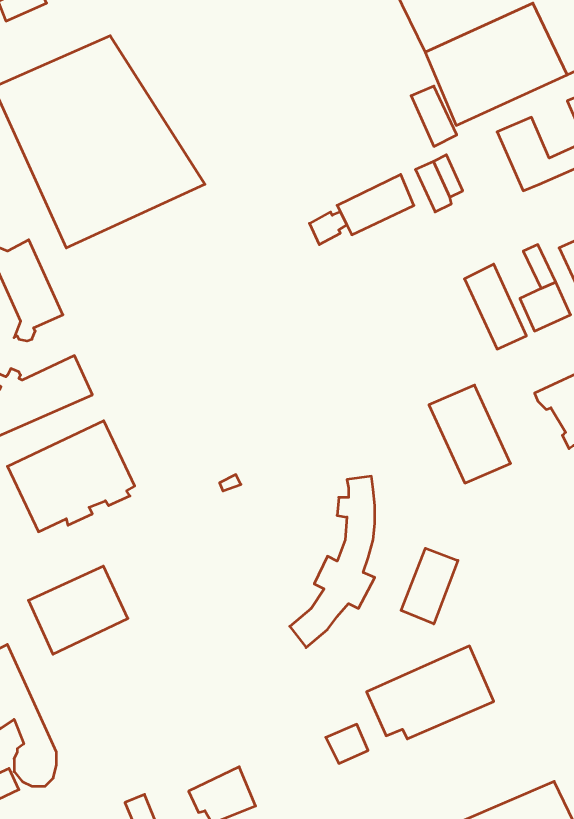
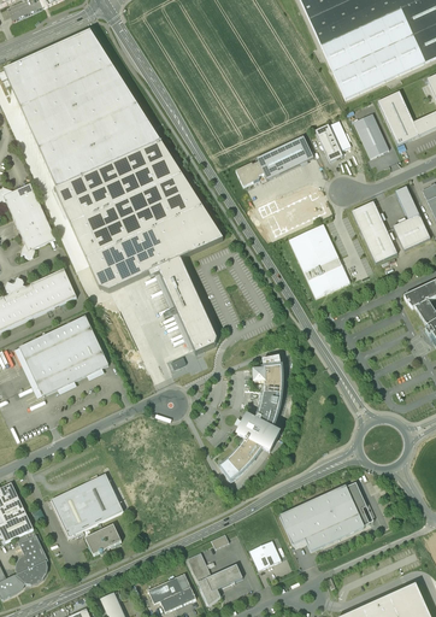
building: [411,86,457,146] -> [355,113,389,158]
building: none -> [53,139,222,352]
building: [429,385,511,483] -> [288,223,348,295]
building: [401,548,458,624] -> none
building: [28,566,128,654] -> [52,472,125,537]
building: none -> [88,523,124,554]
building: none -> [185,550,241,604]

